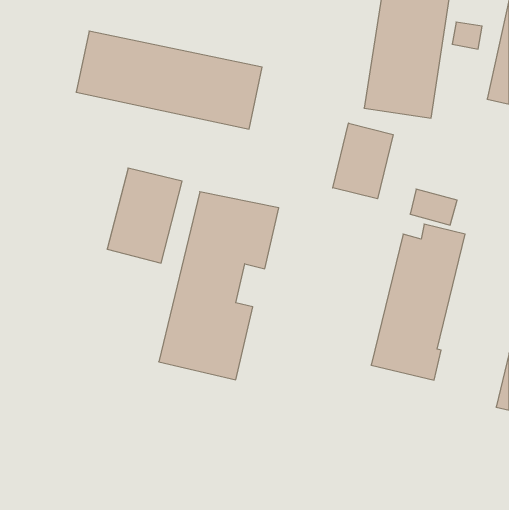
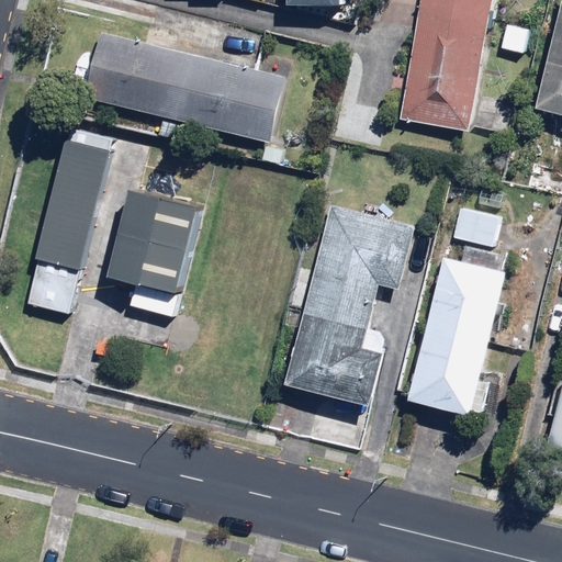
building: [333,123,393,199] -> none
building: none -> [26,139,112,314]
building: [159,192,279,380] -> [284,204,416,411]

